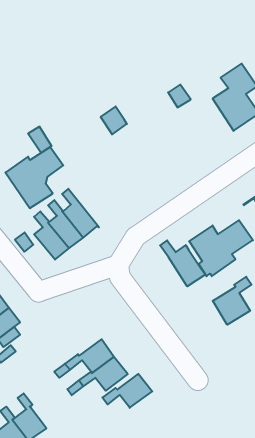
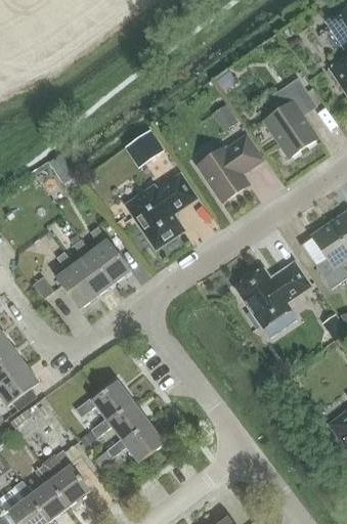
building: none -> [197,134,263,202]
building: [5,147,63,208] -> [127,175,194,247]
building: [160,240,205,286] -> none
building: [213,277,251,325] -> none
building: [102,374,152,408] -> [75,381,133,421]
building: none -> [49,449,89,506]

